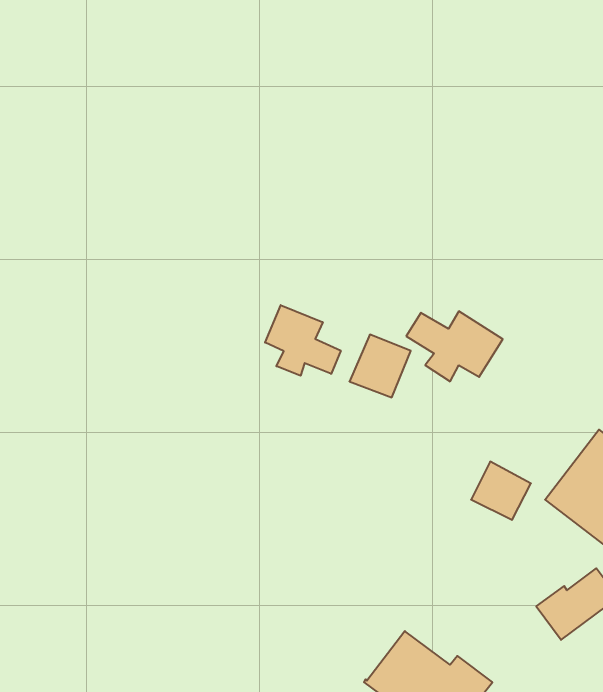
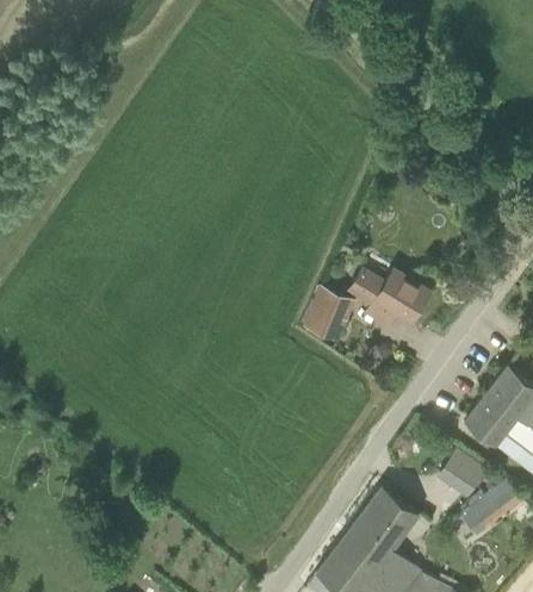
building: [265,305,341,376] -> none
building: [471,462,531,520] -> [439,448,488,496]
building: none -> [349,486,419,557]

